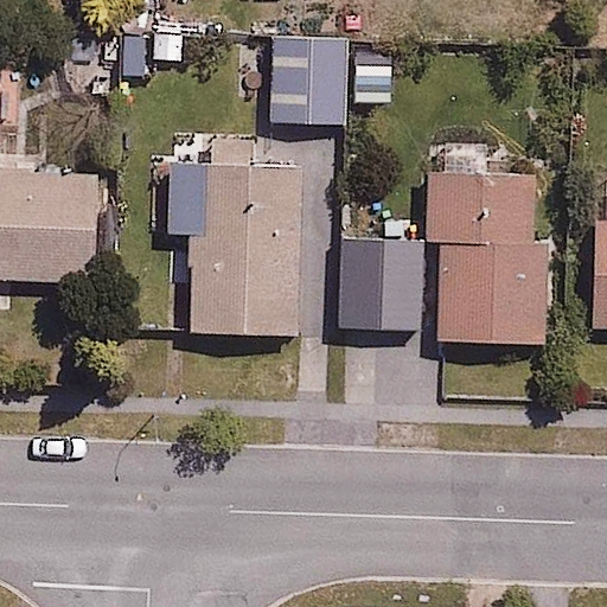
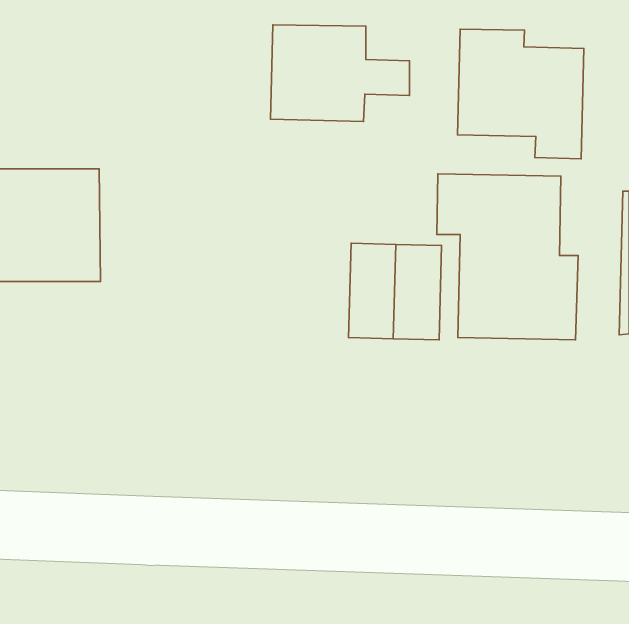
building: none -> [458,29,584,159]
building: [191,167,304,332] -> none

